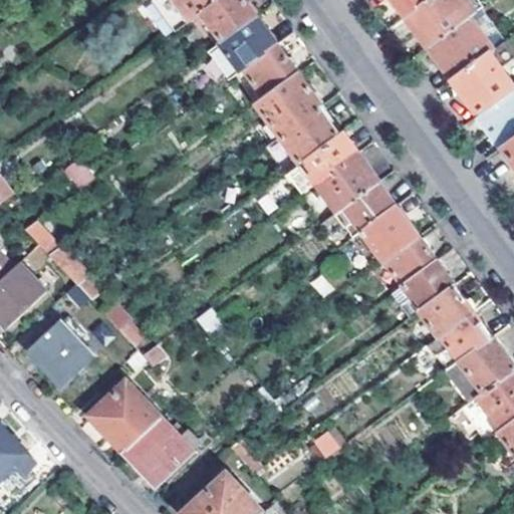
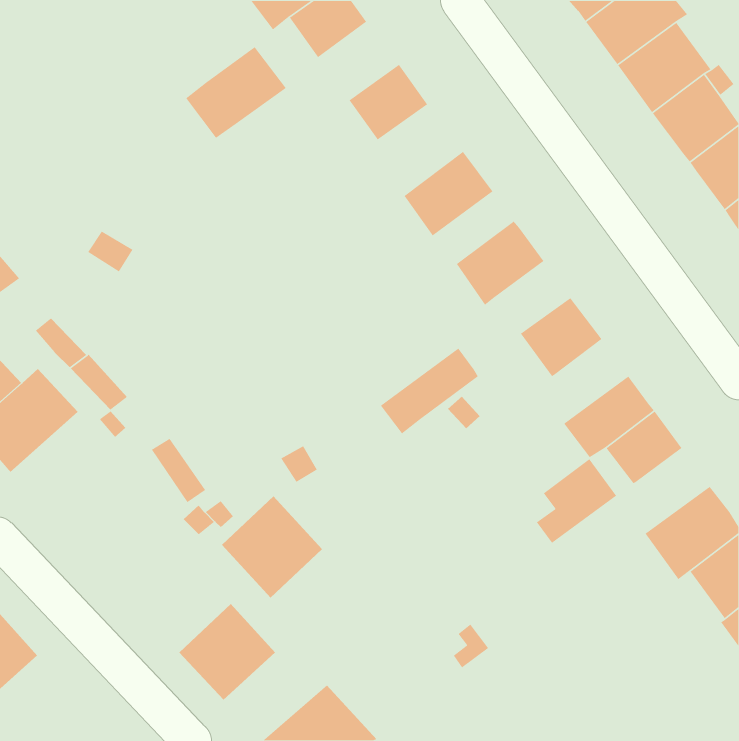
building: [206,15,276,79] -> [185,46,287,139]
building: [255,72,320,136] -> none
building: [287,133,355,193] -> [380,347,479,434]
building: [341,181,395,231] -> none
building: [383,235,435,284] -> none
building: [435,310,491,369] -> [536,458,617,544]
building: [28,321,90,383] -> none
building: [89,380,160,452] -> [221,496,323,599]

